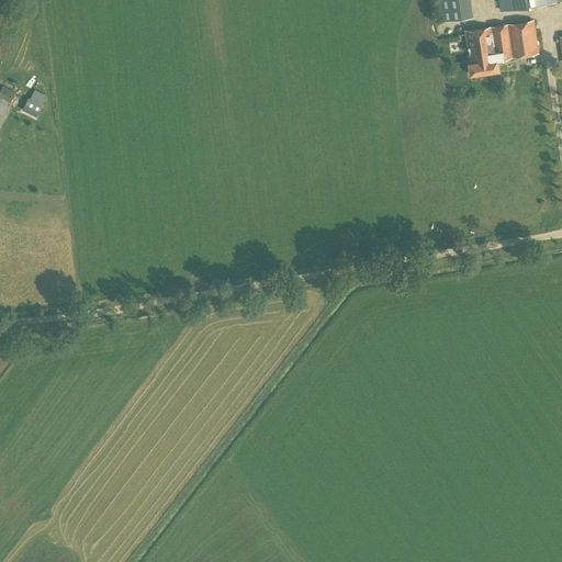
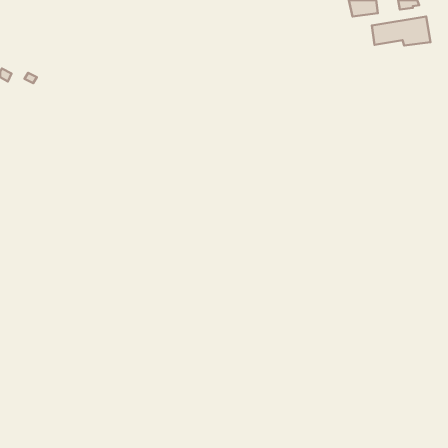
building: [469,50,506,74] -> none

